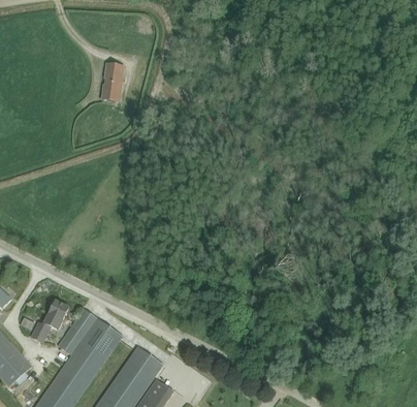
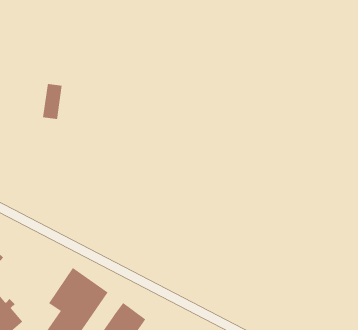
building: [101,64,123,102] -> [42,84,63,120]
building: [31,301,68,344] -> none

